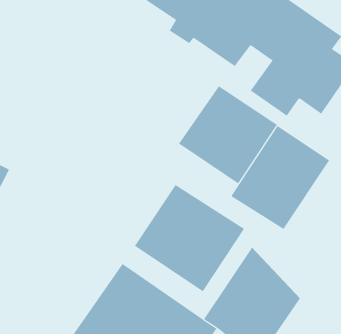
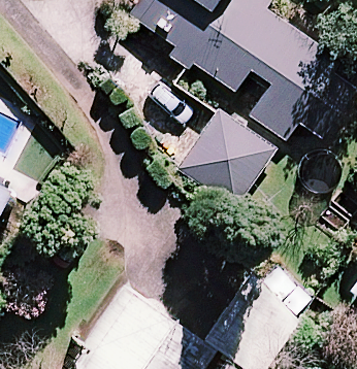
building: [230,125,330,230] -> none
building: [134,184,245,292] -> none

